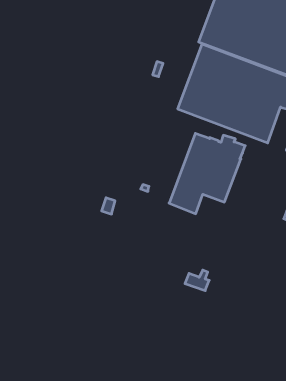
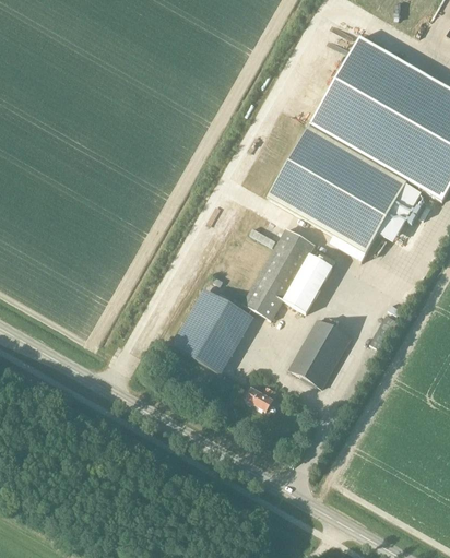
building: none -> [174,289,250,370]
building: none -> [287,318,350,387]

